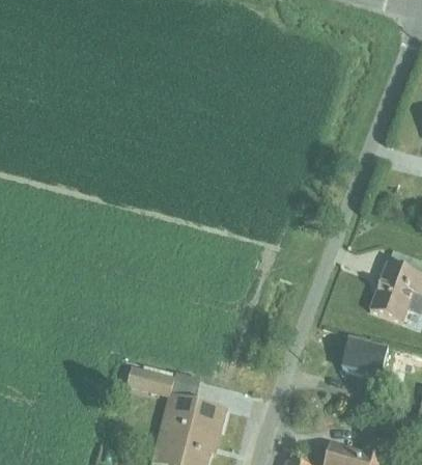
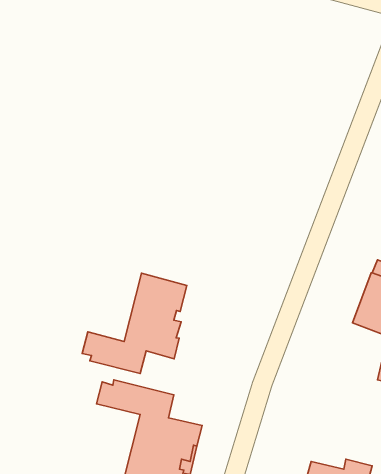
building: none -> [82,273,187,374]
building: [341,339,387,378] -> none

